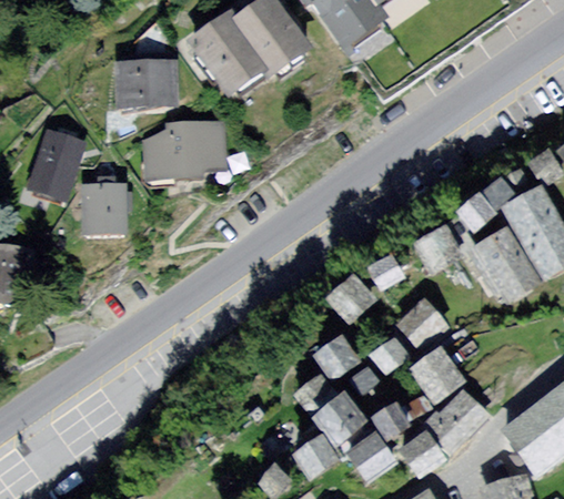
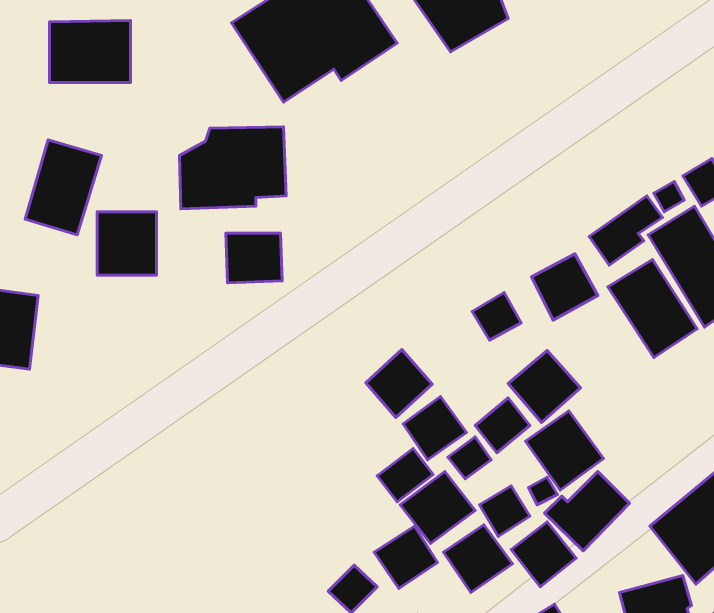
building: [114,64,177,112] -> [50,20,130,83]
building: none -> [226,233,282,283]
building: [326,269,377,322] -> [366,350,432,417]

